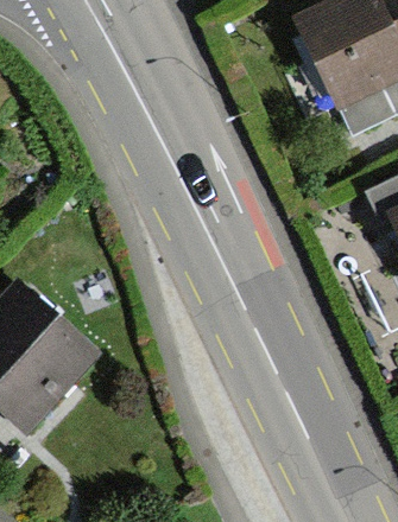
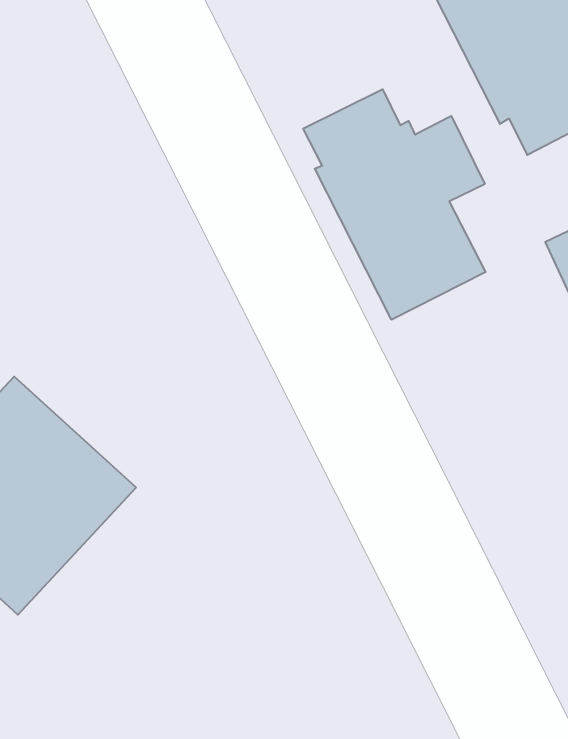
building: none -> [303,89,486,320]

